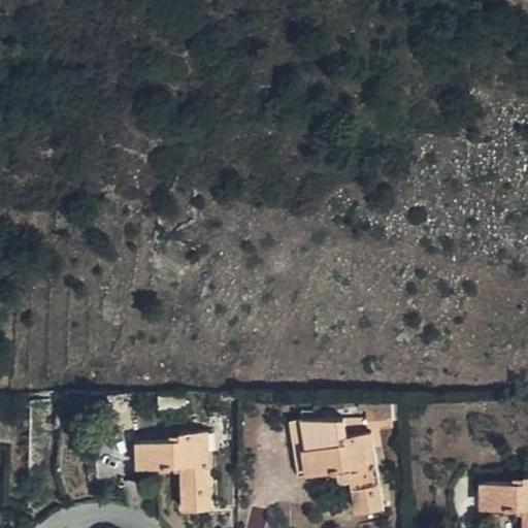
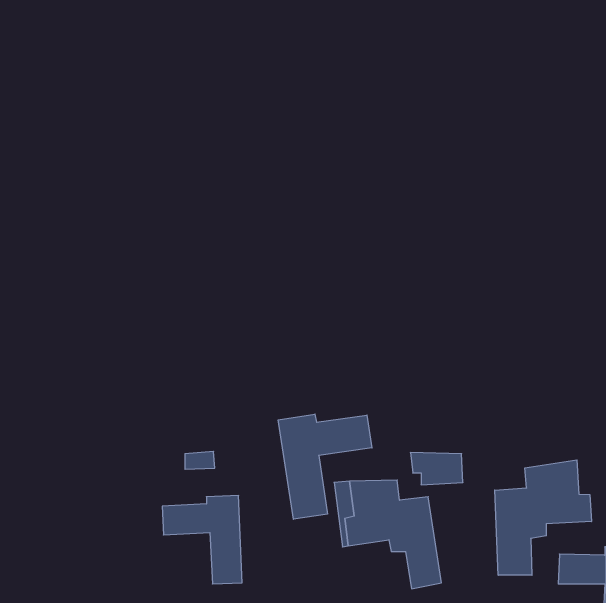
building: none -> [278,414,372,519]
building: none -> [495,460,591,575]

